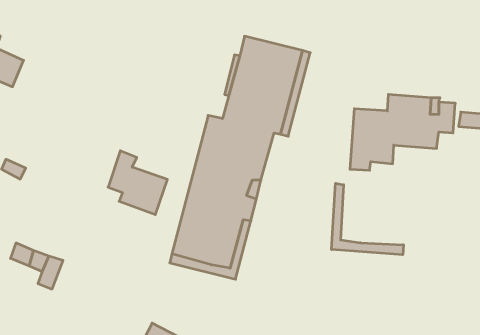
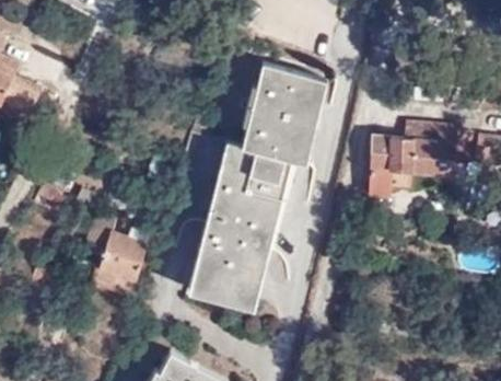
building: [108,151,167,215] -> [88,217,147,280]
building: [332,183,403,255] -> none

